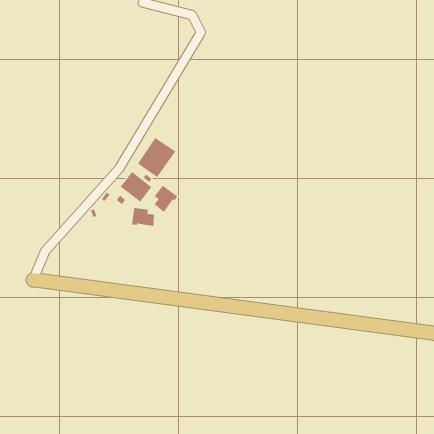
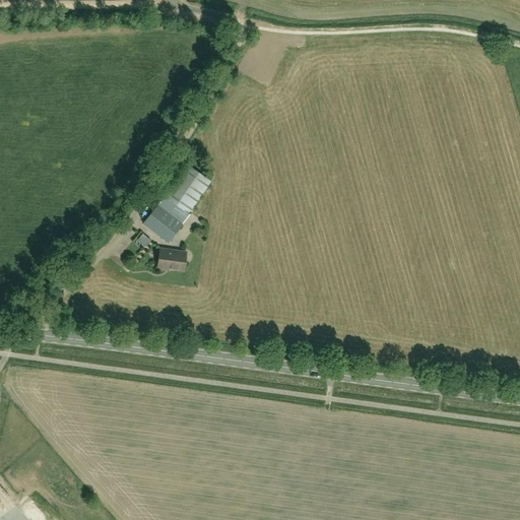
building: [154,185,178,213] -> none

